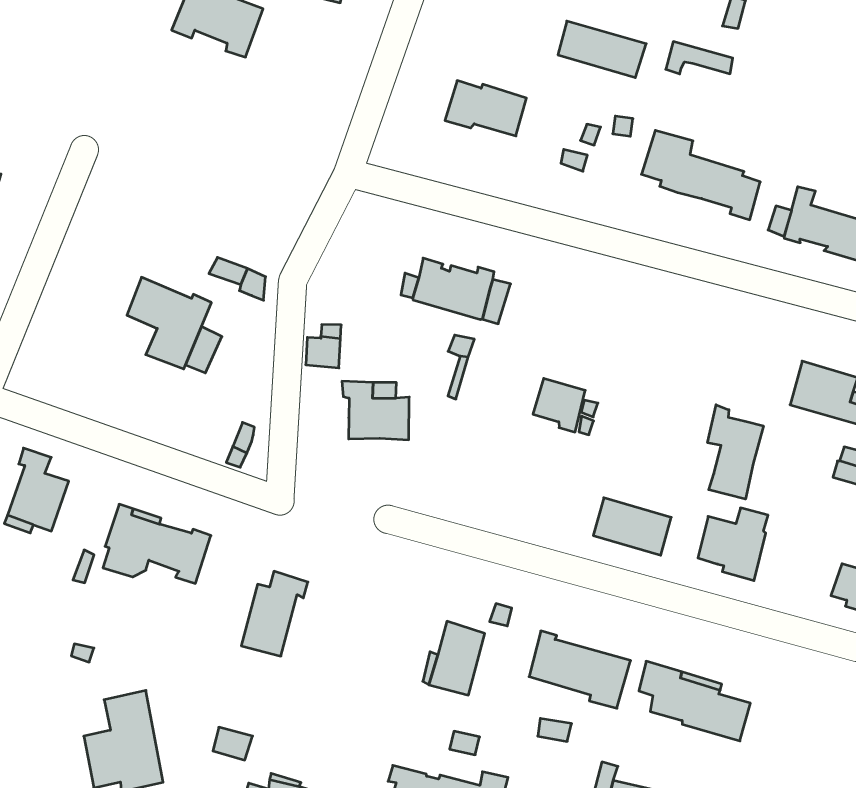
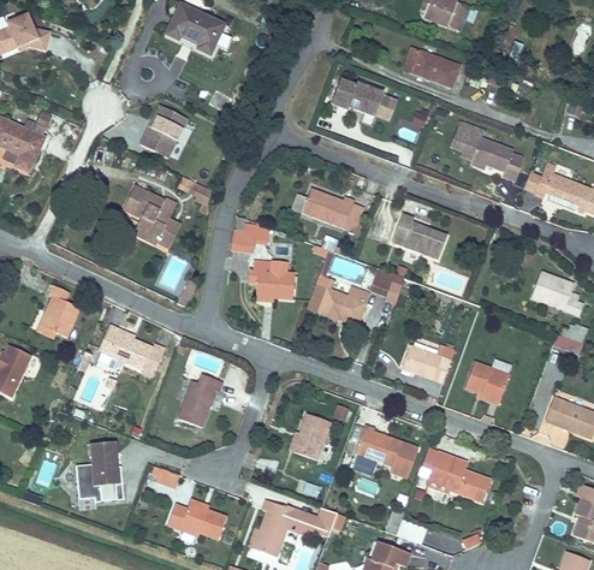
building: none -> [141,105,189,158]
building: none -> [392,213,447,260]
building: none -> [307,278,369,322]
building: [708,405,763,499] -> none

